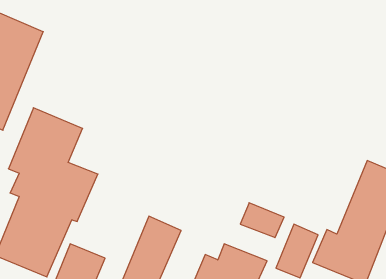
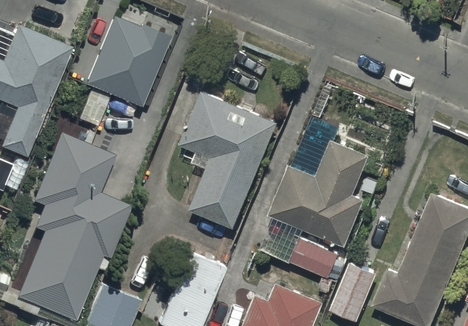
building: none -> [84,17,169,108]
building: none -> [179,90,277,228]
building: none -> [268,139,369,246]

